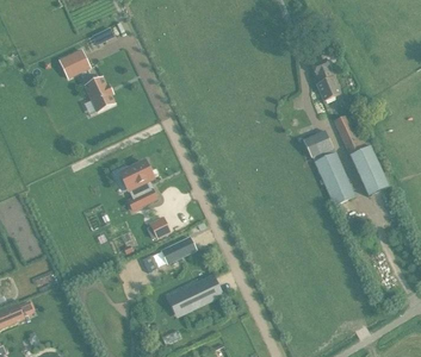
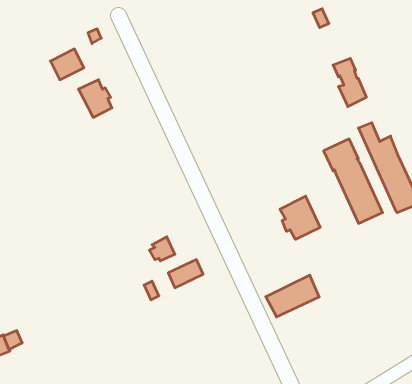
building: [120,162,156,209] -> none
building: none -> [280,196,320,239]
building: [173,276,221,313] -> [266,275,319,317]

